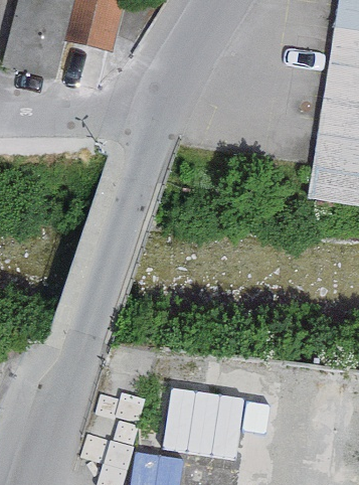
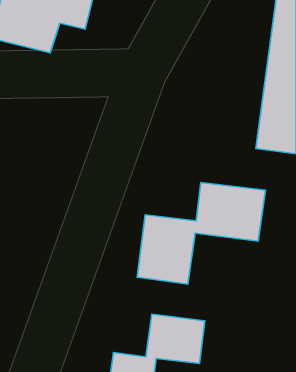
building: none -> [137,183,265,284]

